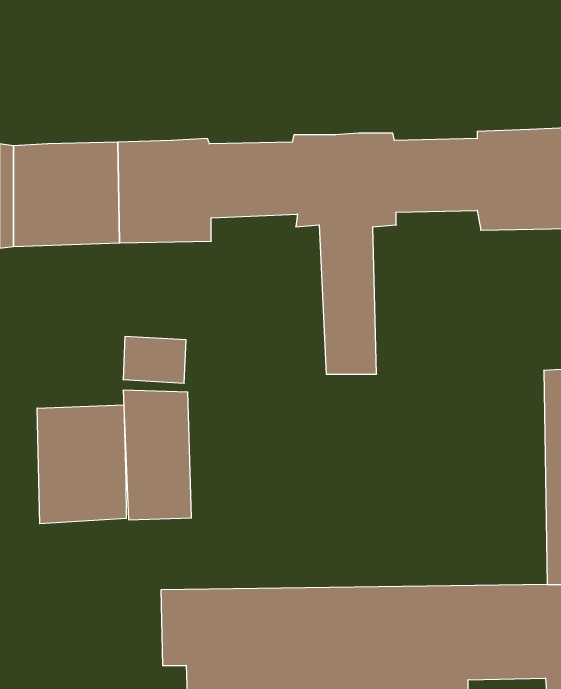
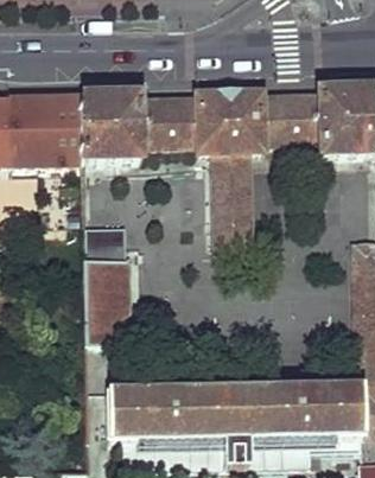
building: [37,405,126,524] -> none

